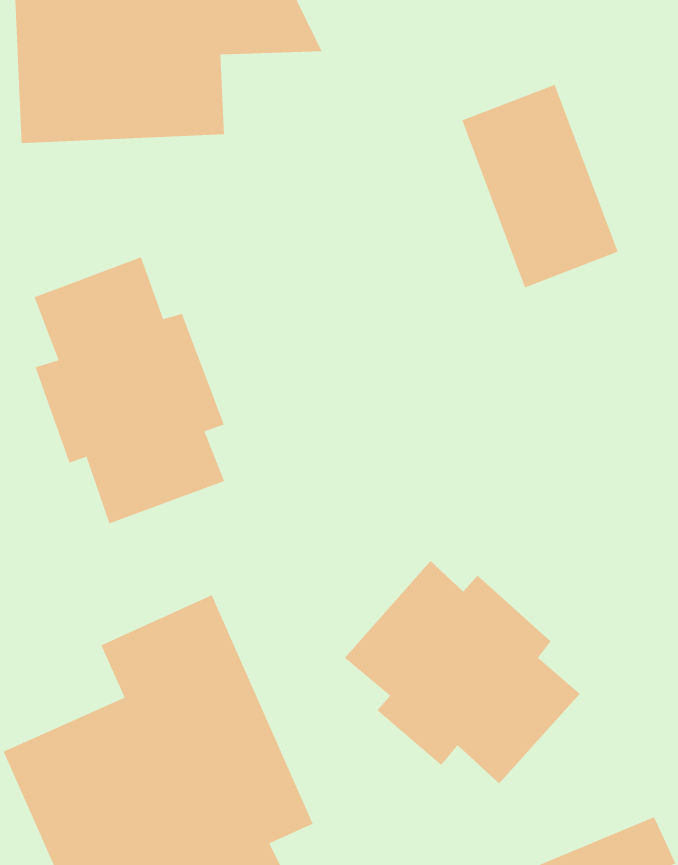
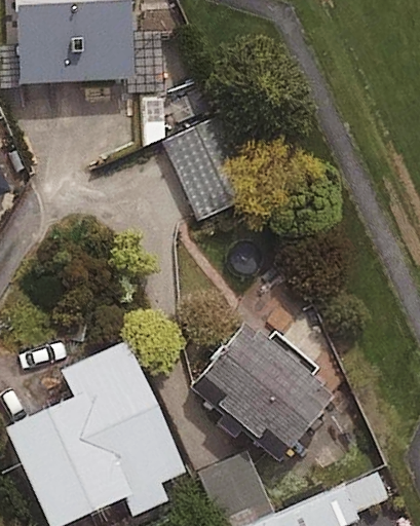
building: [461,84,618,288] -> [163,110,253,226]
building: [34,257,225,524] -> none

